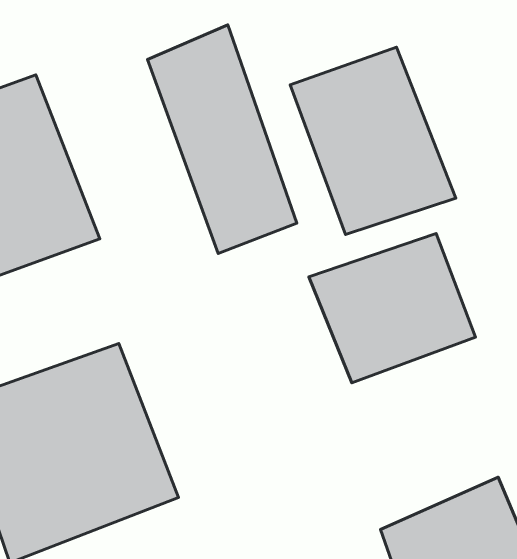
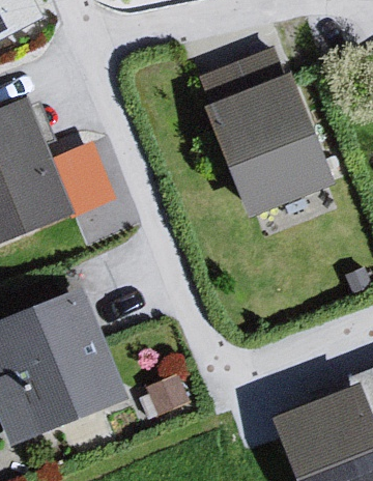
building: [148,25,297,253] -> none
building: [309,234,475,383] -> none

